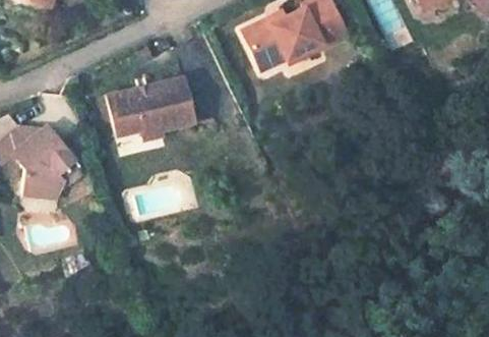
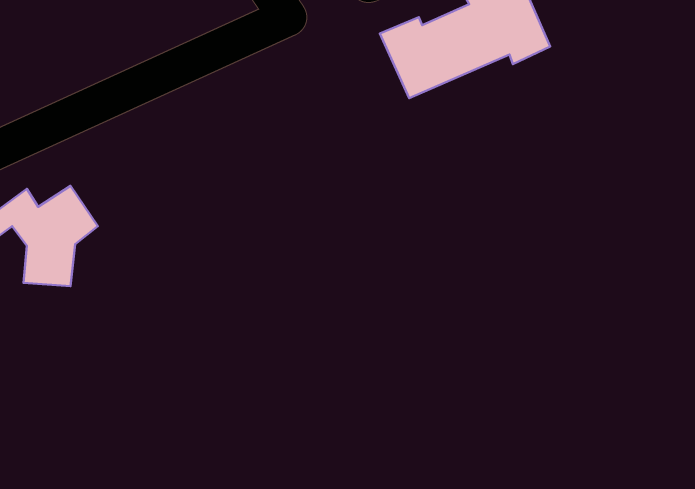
building: [107,81,193,137] -> none

